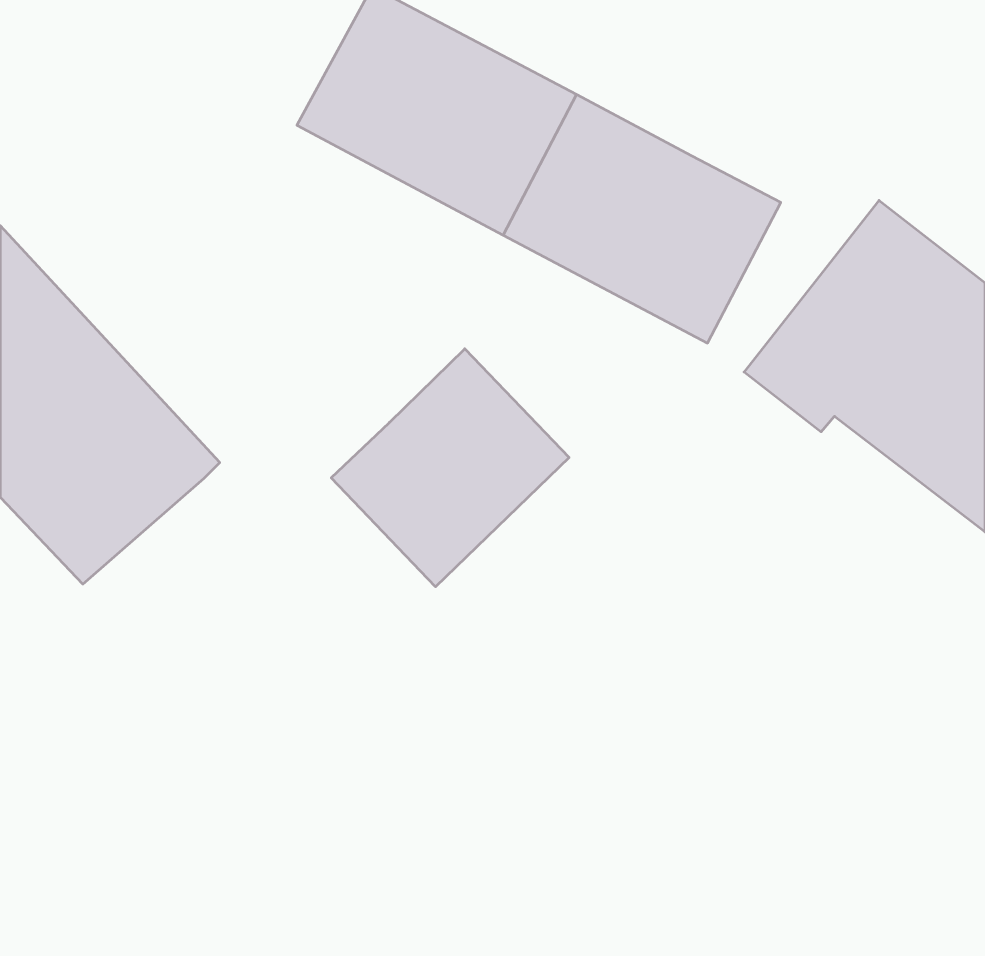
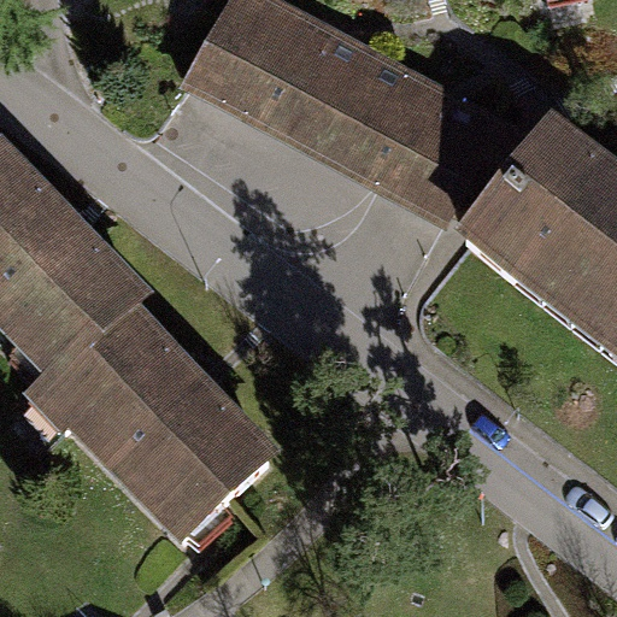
building: [331,349,569,587] -> none
building: none -> [39,299,265,529]

